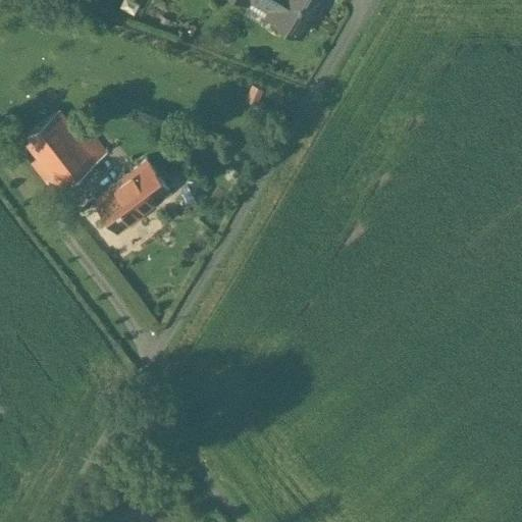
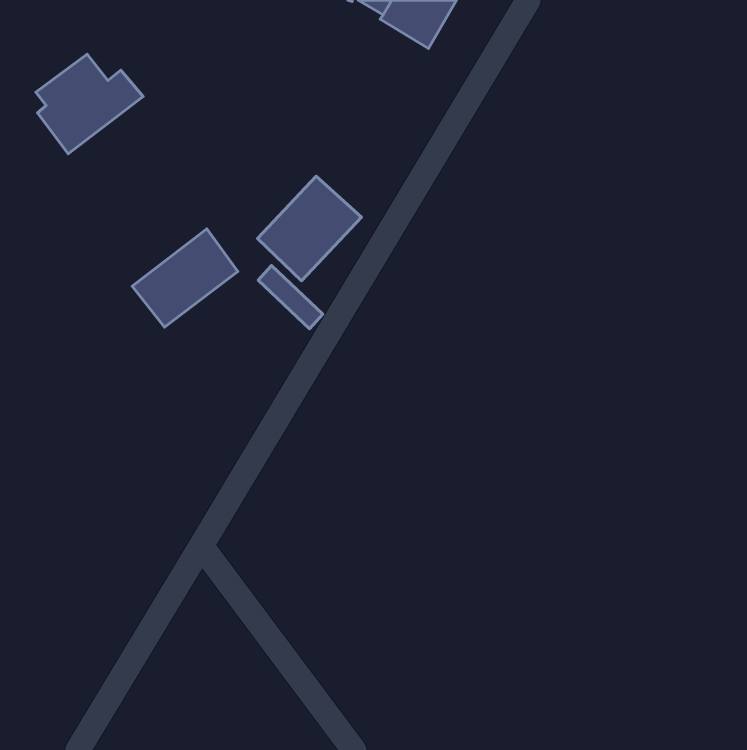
building: [28,120,102,190] -> [36,54,143,154]
building: none -> [258,176,362,281]

